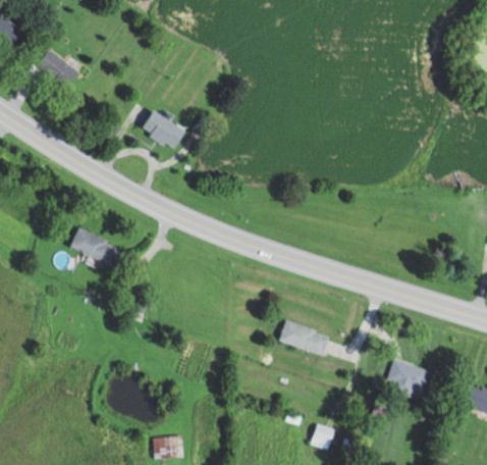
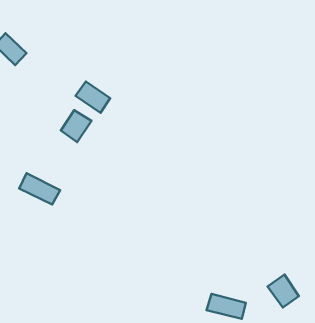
building: none -> [61,110,92,142]
building: [278,322,328,354] -> [207,294,246,319]

